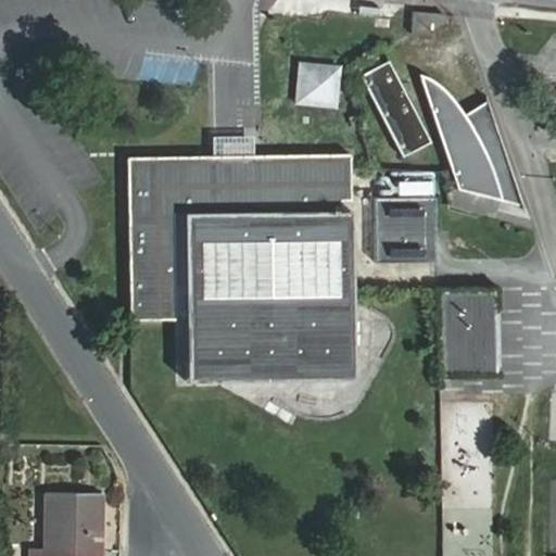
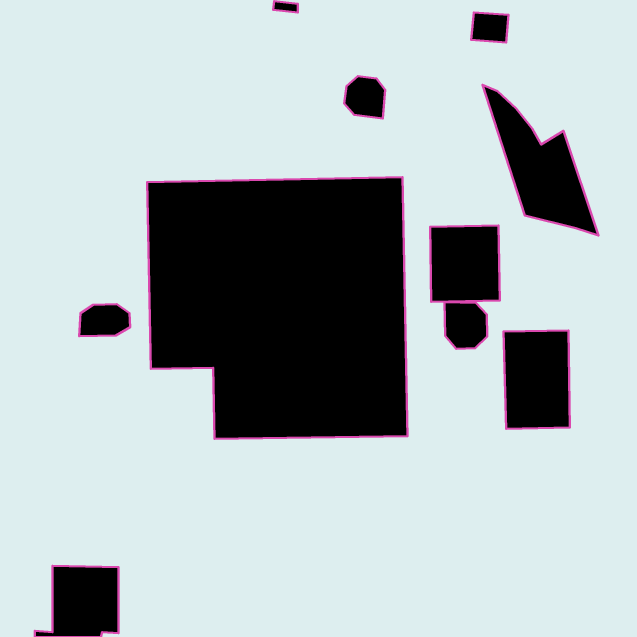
building: [361,61,430,155] -> none
building: none -> [445,302,487,349]
building: none -> [79,304,130,336]

